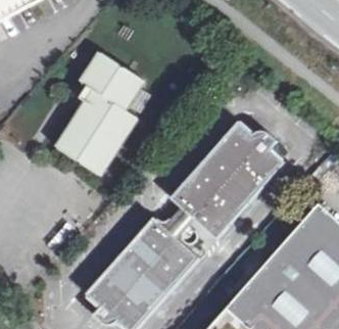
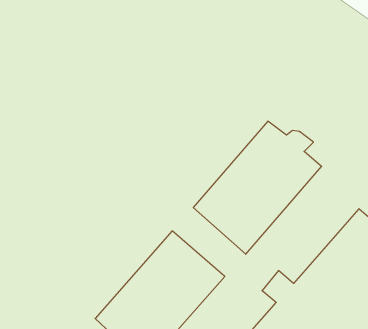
building: [58,53,144,175] -> none
building: [154,198,219,258] -> none

